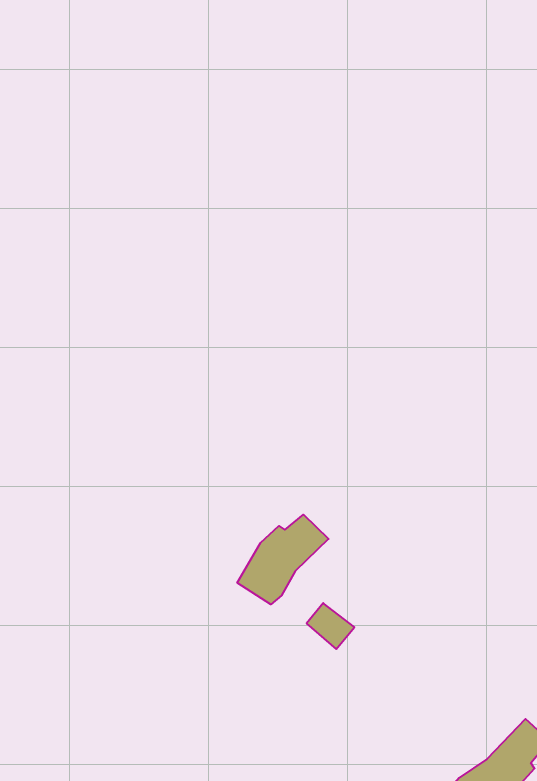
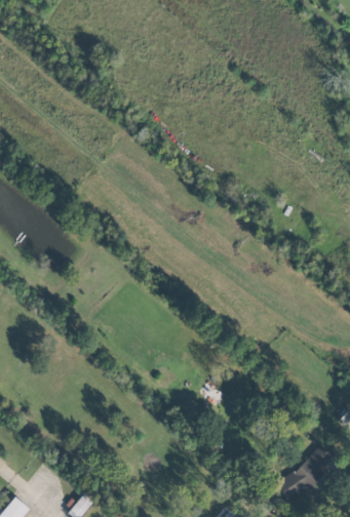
building: [237,515,329,604] -> none

